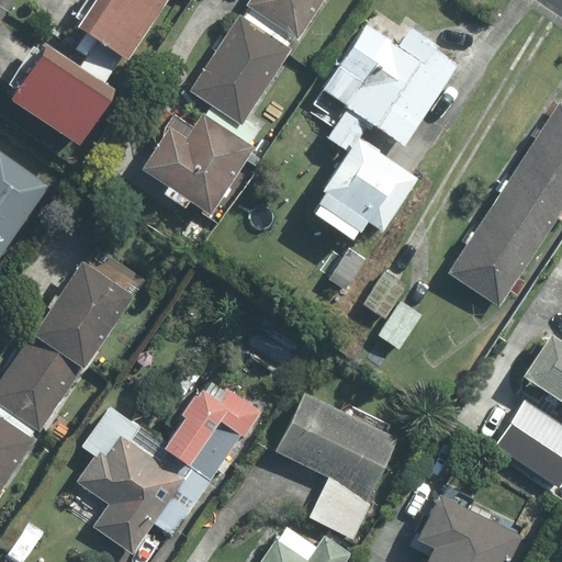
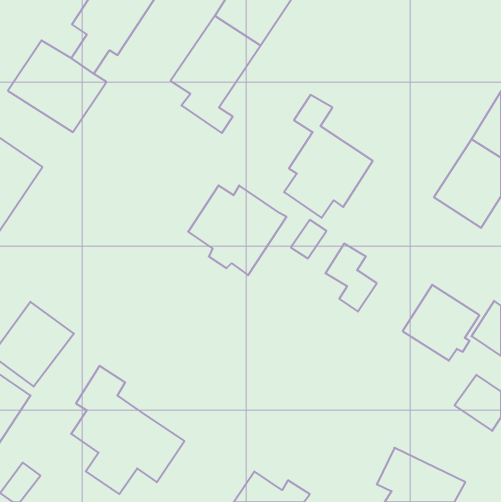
building: [321,23,456,143] -> none
building: [145,117,255,217] -> [188,185,287,275]
building: [450,220,536,304] -> [403,285,479,361]
building: [34,263,136,372] -> none
building: [162,383,258,491] -> none
building: [277,396,392,540] -> none

